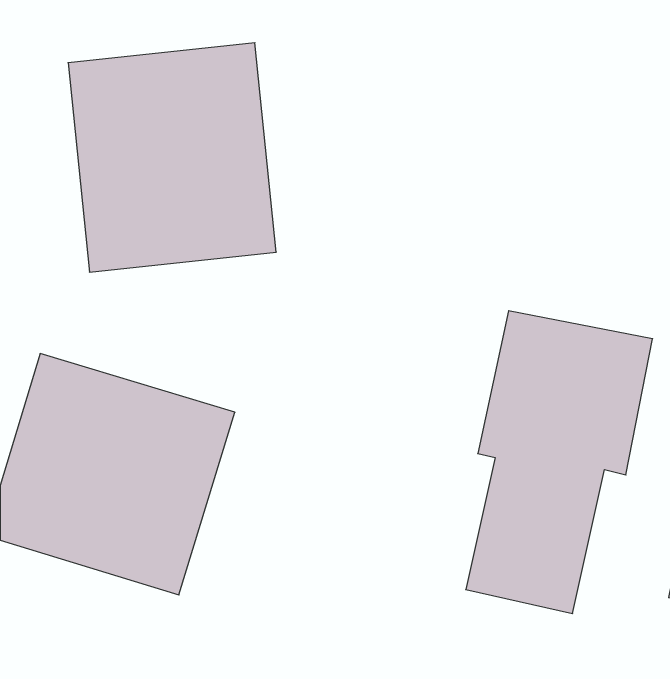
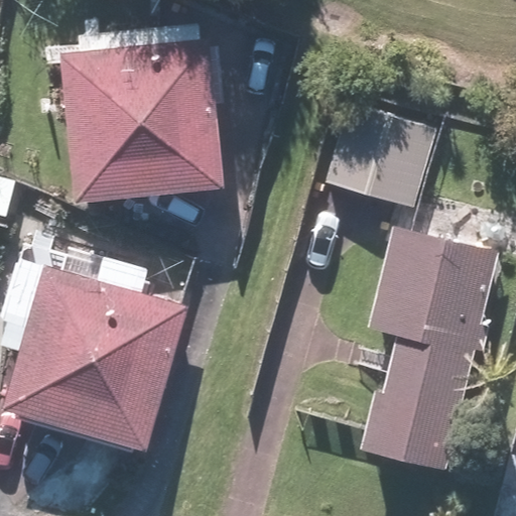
building: none -> [322,104,445,208]

